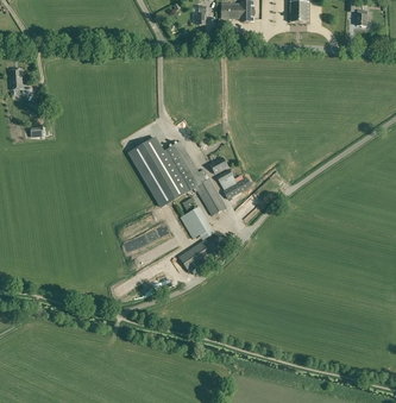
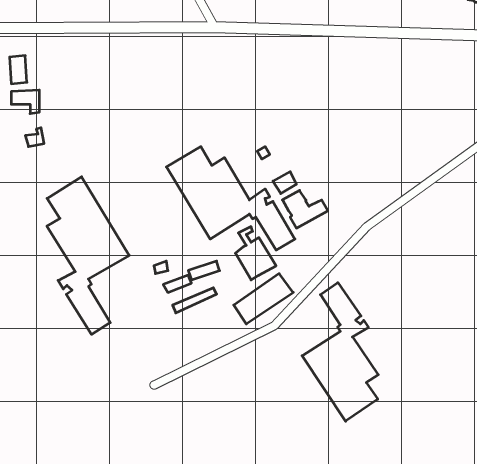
building: none -> [47,177,129,334]
building: none -> [302,283,378,421]

